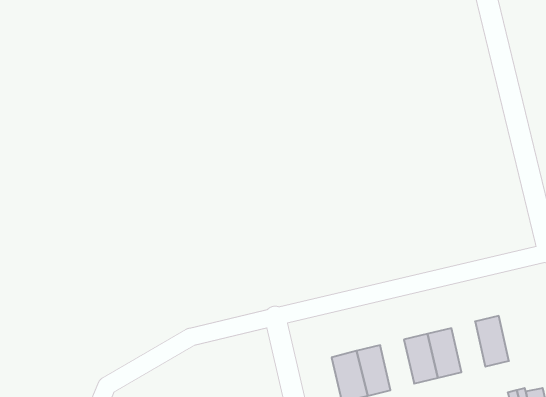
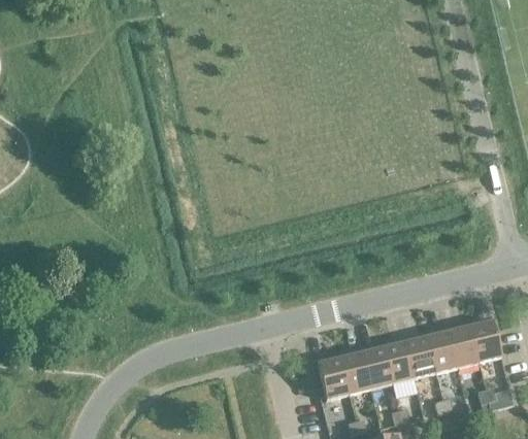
building: none -> [470,317,502,364]
building: none -> [427,328,458,374]
building: none -> [362,344,393,391]

